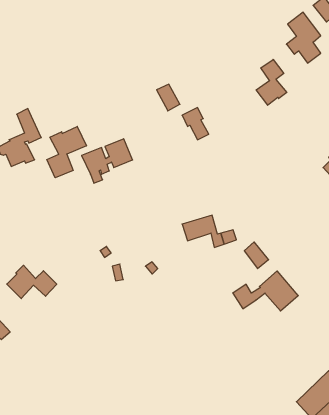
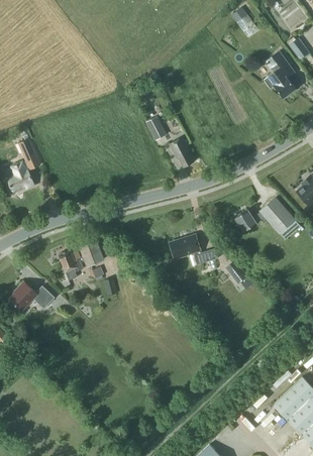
building: [256,59,287,105] -> none
building: [47,126,86,178] -> none
building: [82,139,133,183] -> [58,239,104,279]
building: [233,271,298,311] -> [235,197,295,233]

